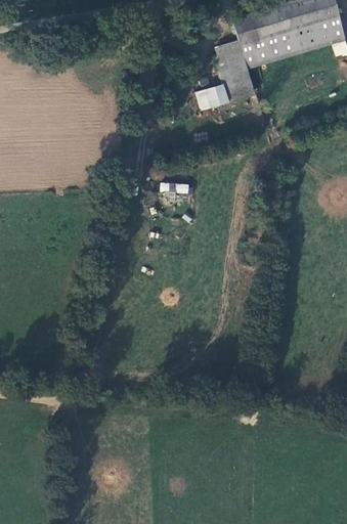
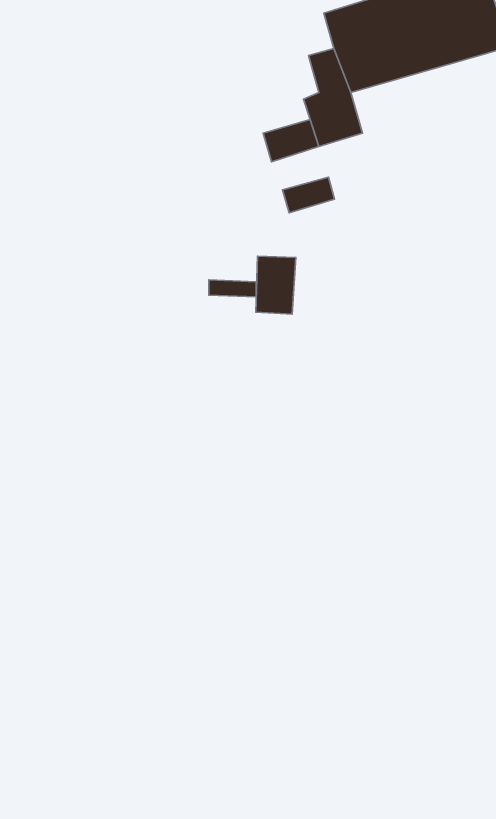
building: none -> [283,177,335,213]
building: none -> [256,256,296,314]

